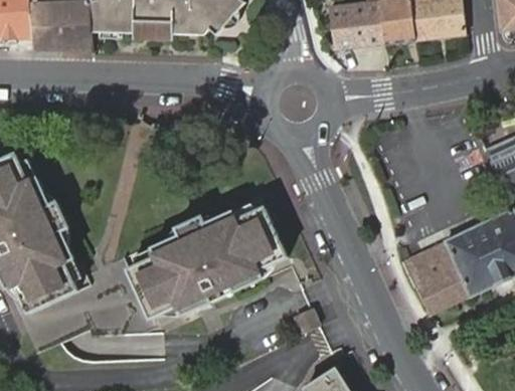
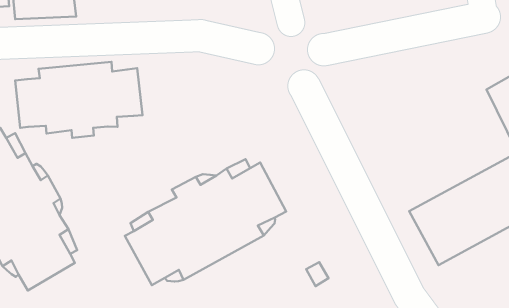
building: none -> [15,62,143,138]

